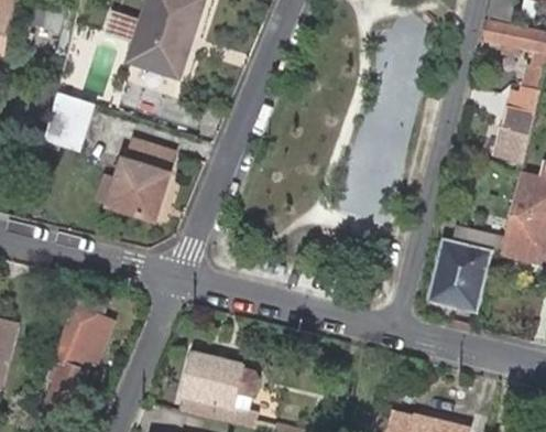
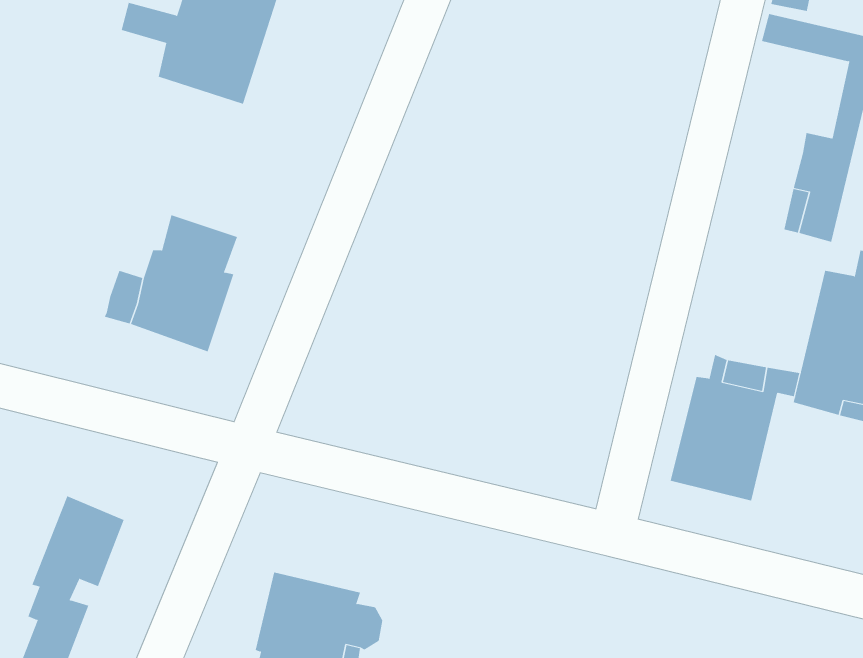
building: [47,91,91,149] -> none

